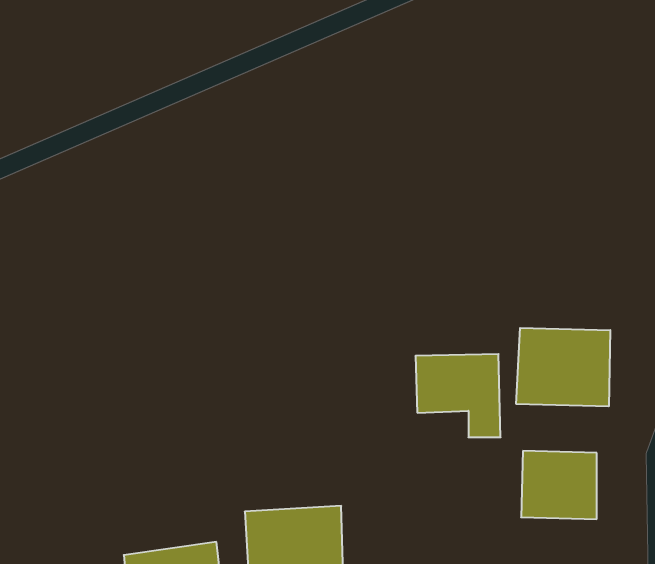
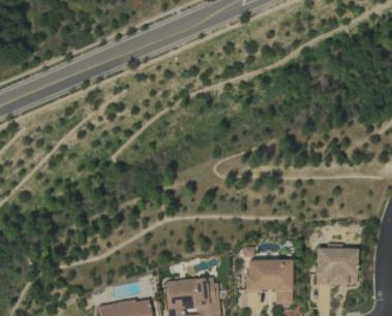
building: [516,328,610,406] -> none
building: [415,354,501,437] -> [246,259,293,305]

